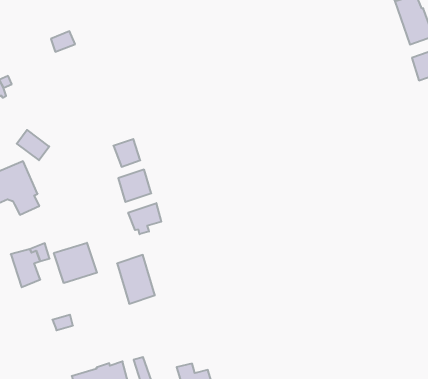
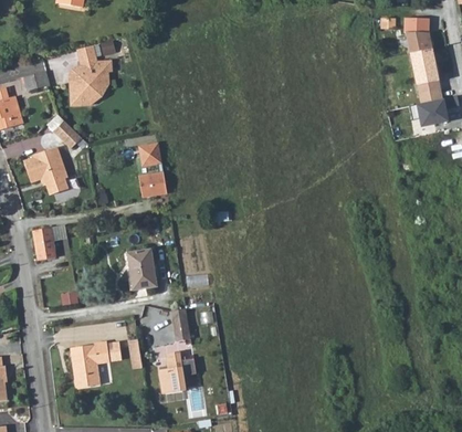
building: none -> [70,61,112,105]
building: [128,203,161,234] -> none
building: [54,243,97,283] -> none
building: none -> [170,308,190,340]

